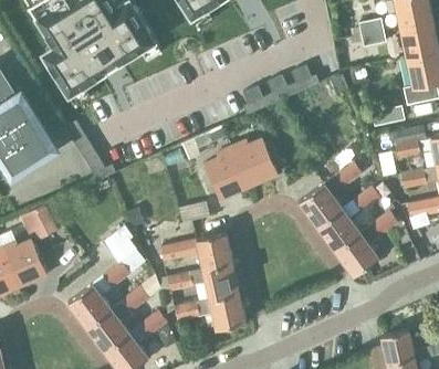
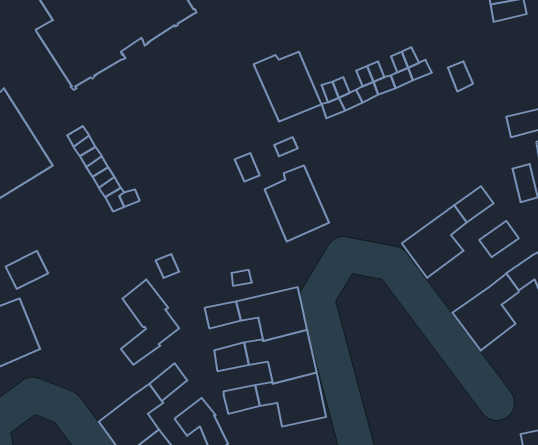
building: [230,139,278,188] -> [254,52,321,121]
building: [316,208,359,251] -> none
building: [66,276,111,327] -> none

